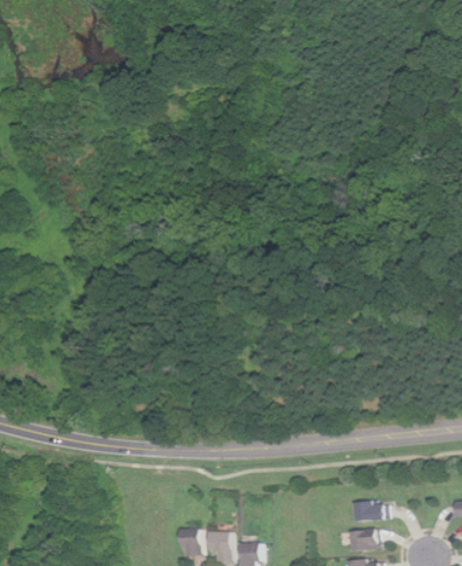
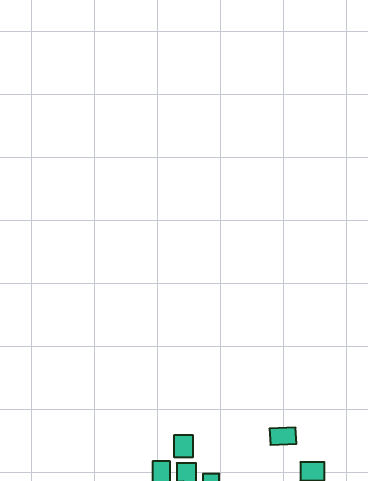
building: none -> [174,435,193,457]
building: [353,501,384,521] -> [269,428,296,445]

